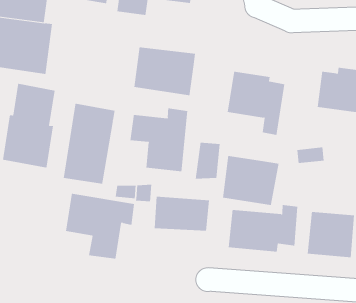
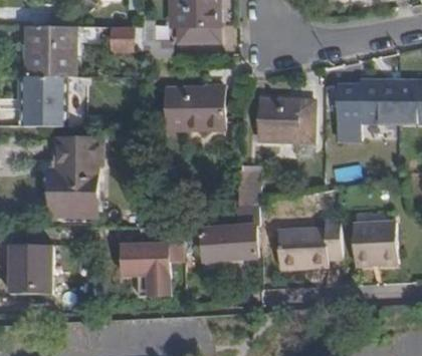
building: [63,103,115,185] -> none
building: [130,108,188,172] -> none
building: [222,155,279,206] -> none

